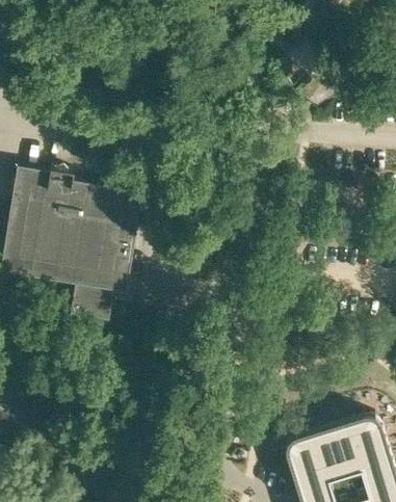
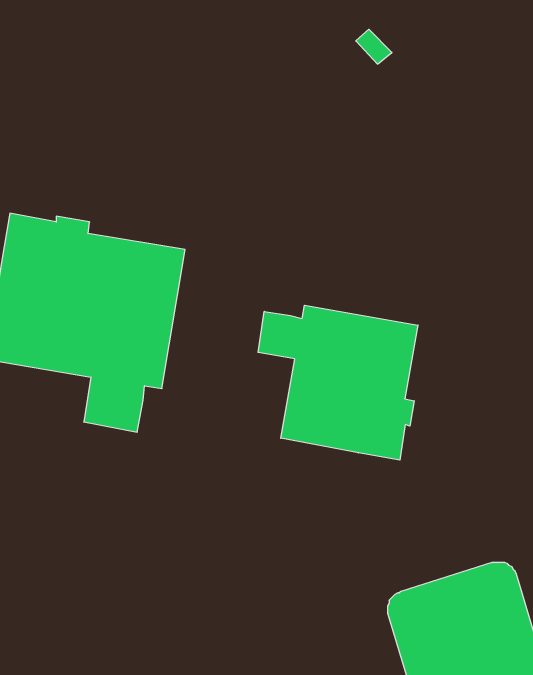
building: none -> [258,305,418,460]

